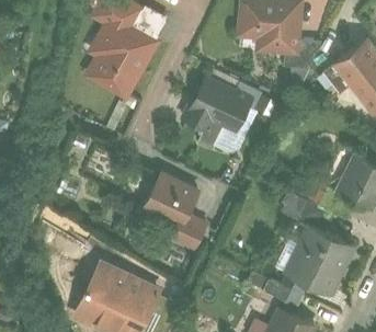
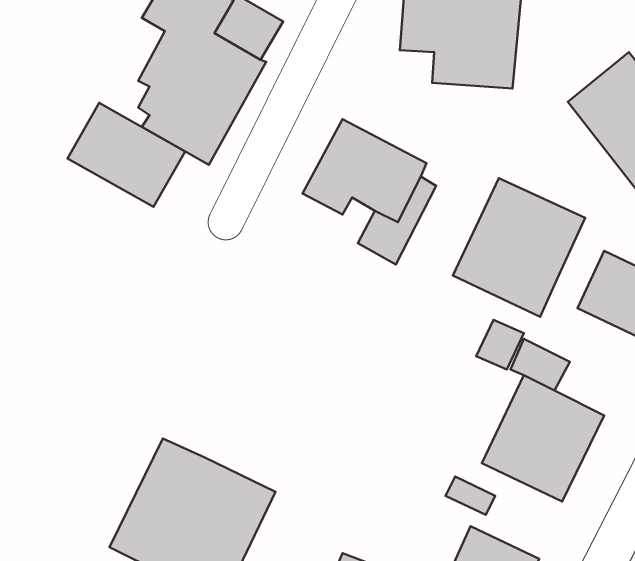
building: none -> [68,103,185,207]
building: none -> [453,178,585,317]
building: [139,172,206,252] -> none

